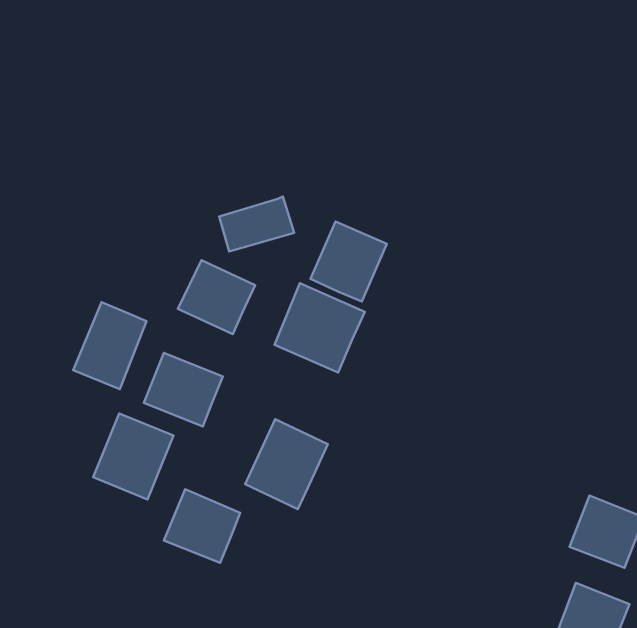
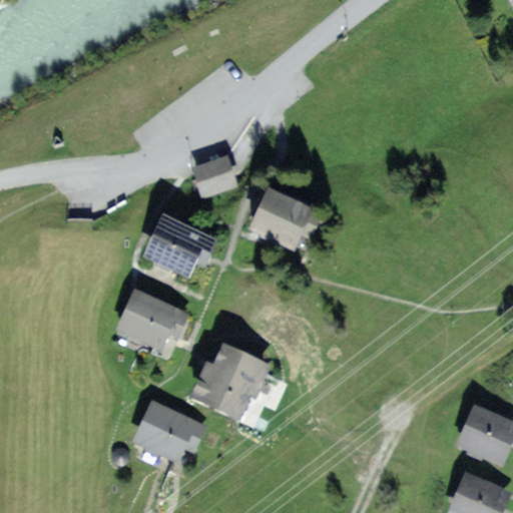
building: [274,283,365,373] -> none
building: [73,302,147,389] -> none
building: [93,414,174,499] -> none

